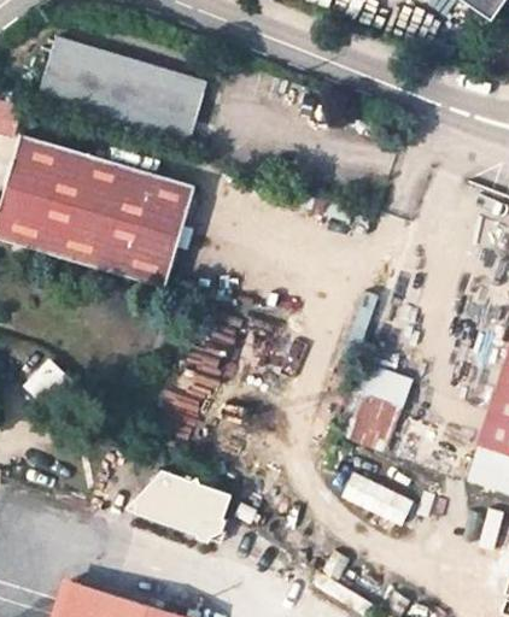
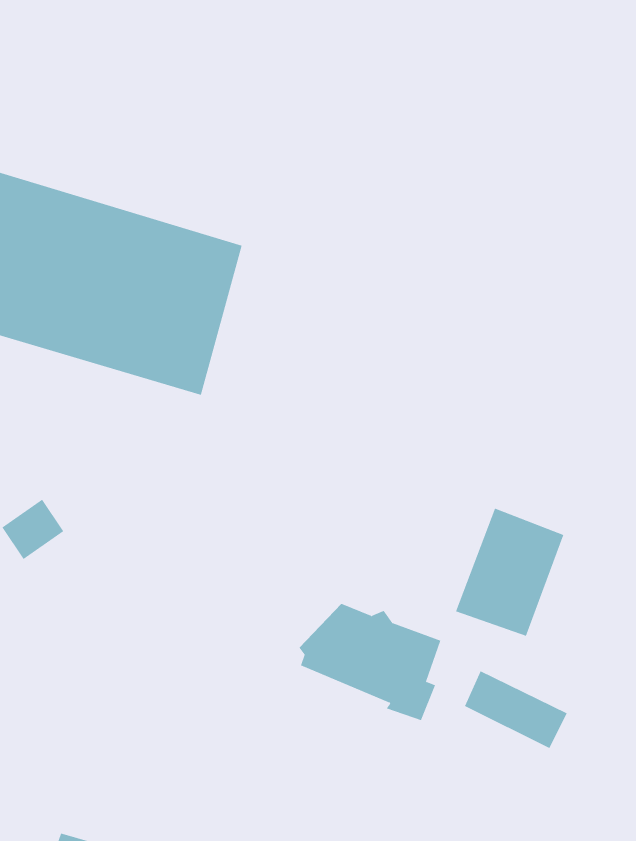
building: [42,40,203,140] -> none
building: [130,471,227,551] -> [298,603,441,721]

